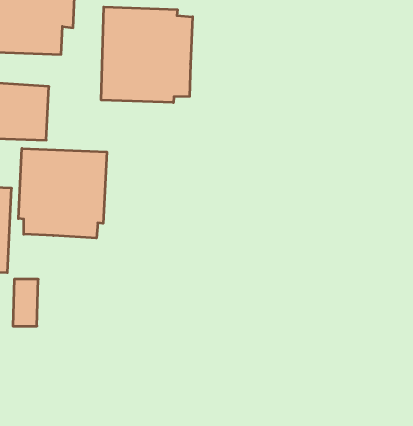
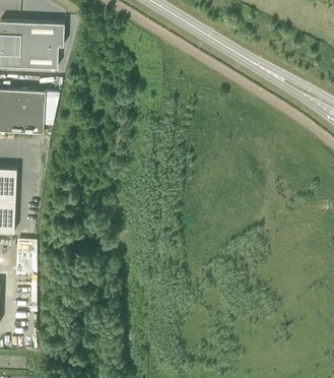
building: [101,7,193,103] -> none
building: [18,148,107,238] -> none

